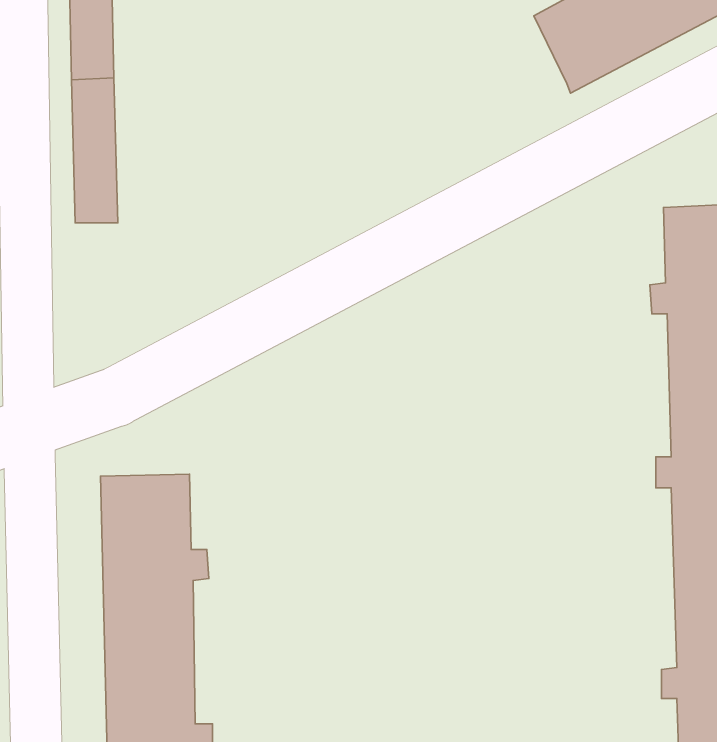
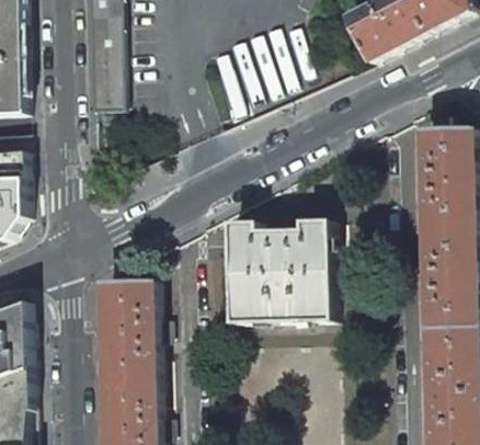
building: none -> [225,218,329,322]

